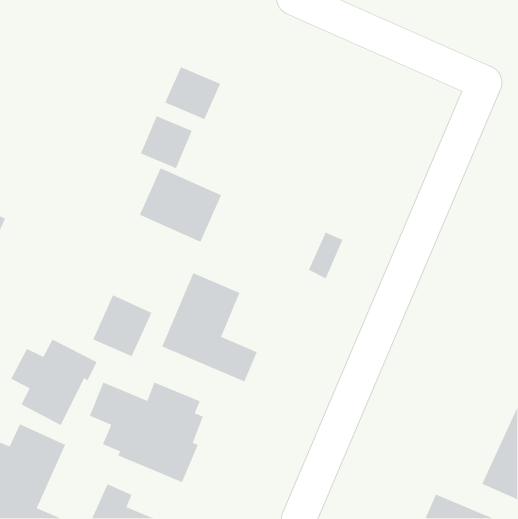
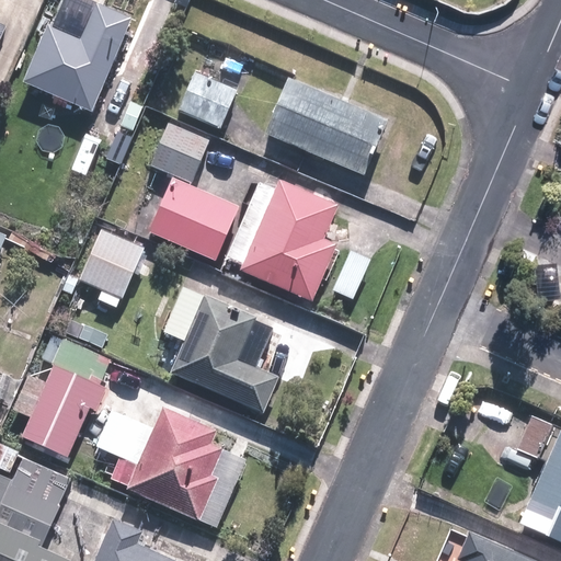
building: none -> [23,4,133,113]
building: none -> [265,78,388,174]
building: none -> [225,176,337,301]
building: [92,294,152,357] -> [78,229,142,297]

